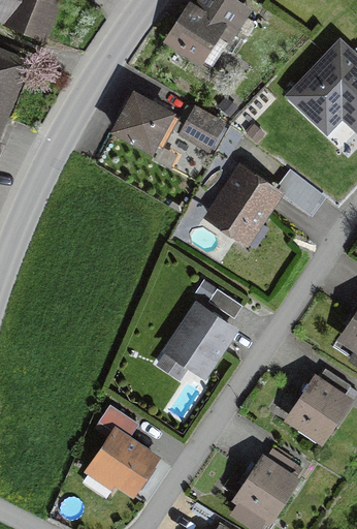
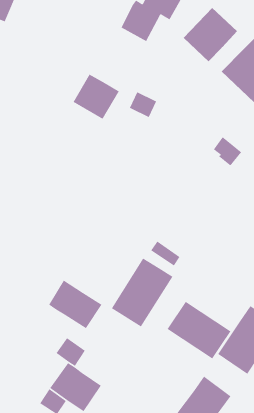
building: none -> [183,7,238,62]
building: [210,169,283,245] -> none
building: none -> [48,280,103,329]
building: none -> [166,301,232,360]

